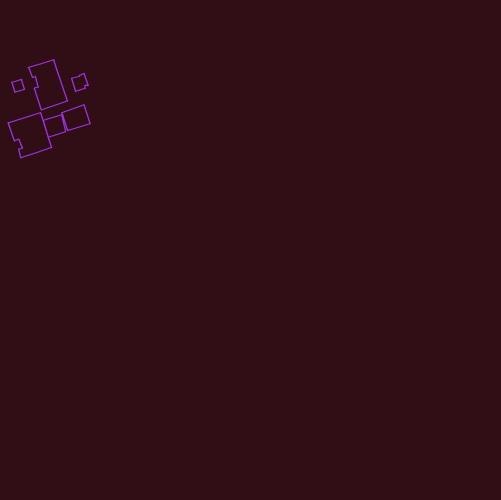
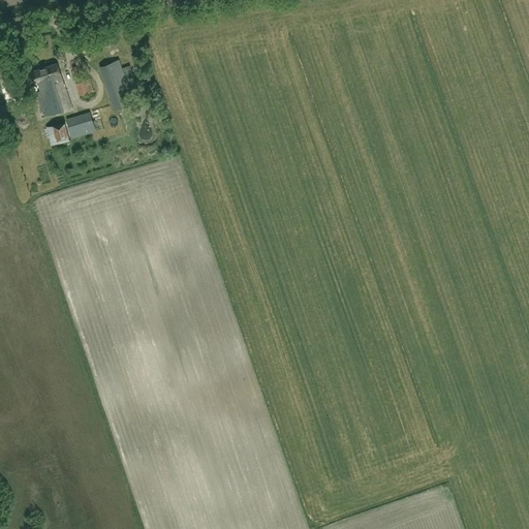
building: none -> [98,61,133,111]
building: [8,113,52,158] -> none

